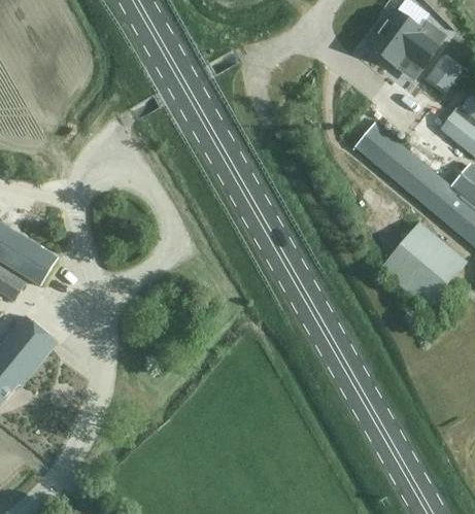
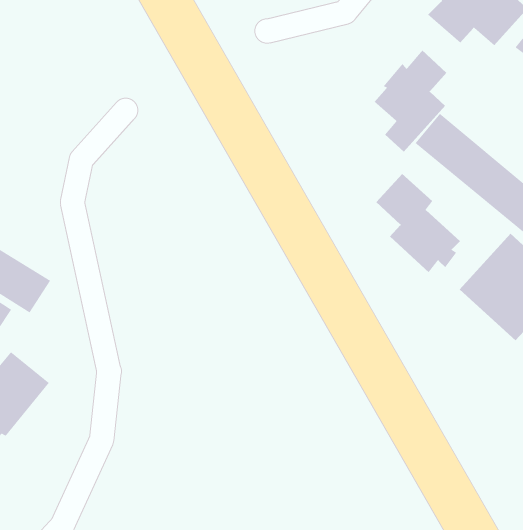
building: none -> [373,49,447,152]
building: none -> [376,173,461,273]

